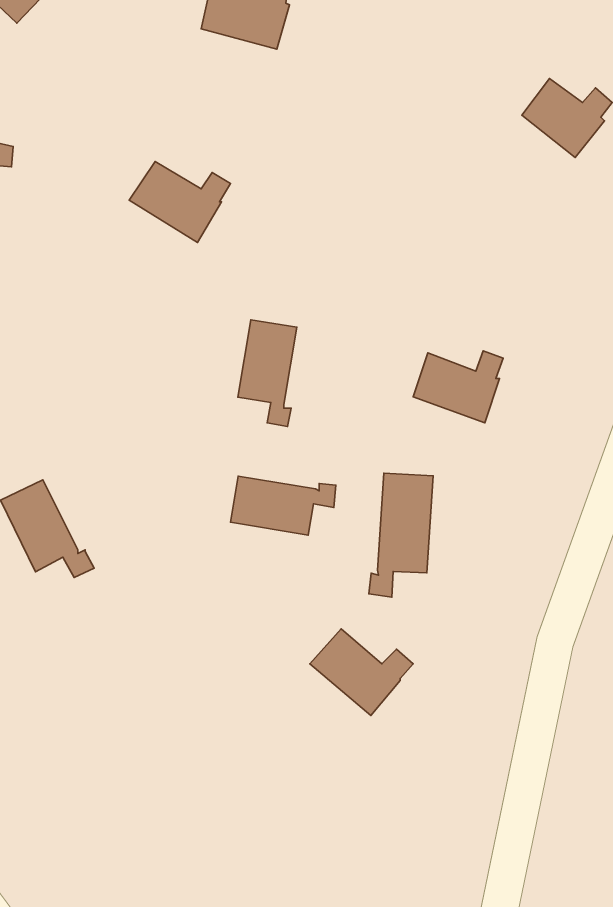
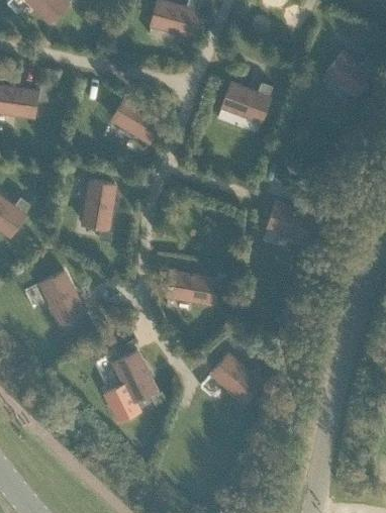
building: none -> [221,83,272,123]
building: [238,320,297,426] -> [82,183,114,241]
building: [369,473,433,597] -> none
building: none -> [105,353,165,421]

